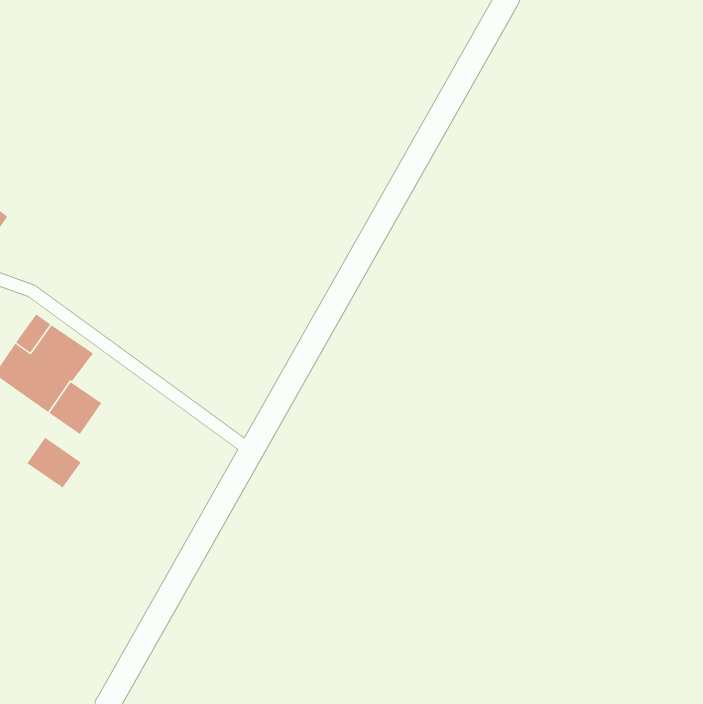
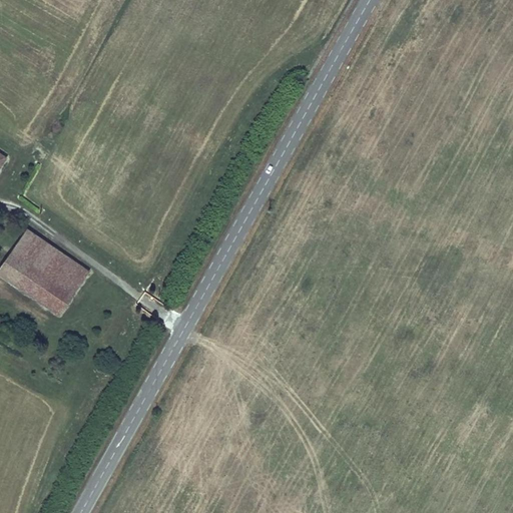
building: none -> [52,256,89,293]
building: [27,437,81,489] -> none

